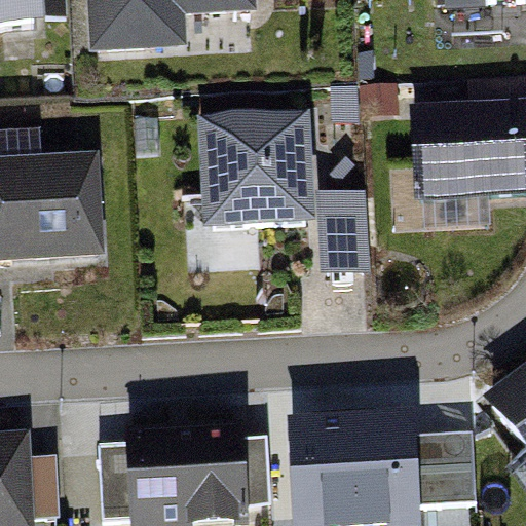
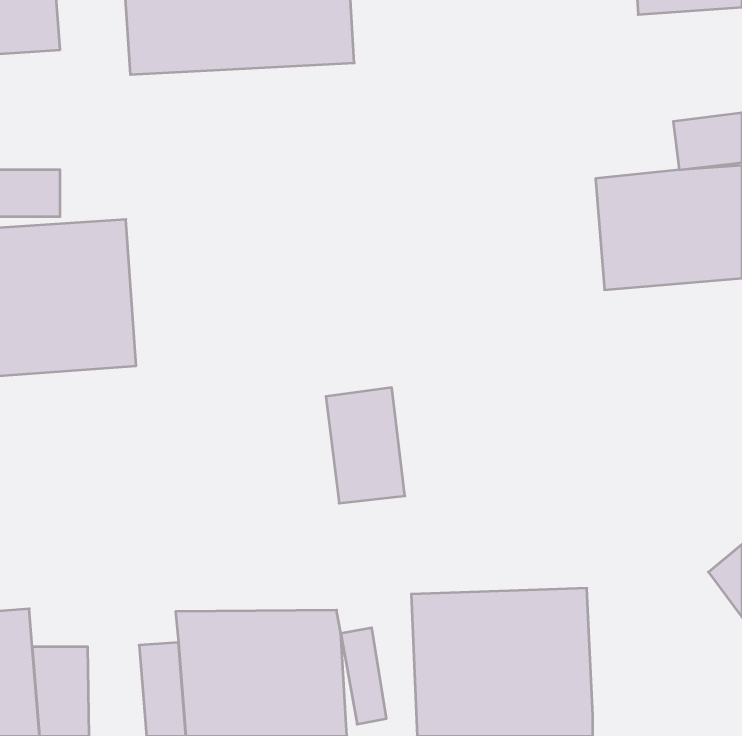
building: [203,127,315,239] -> none
building: [317,193,373,274] -> [326,388,405,503]
building: [413,431,474,502] -> none

